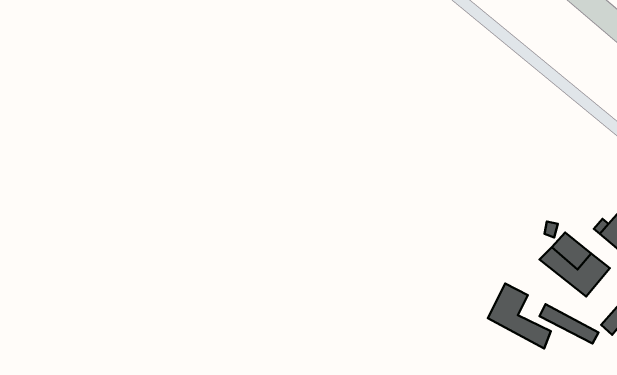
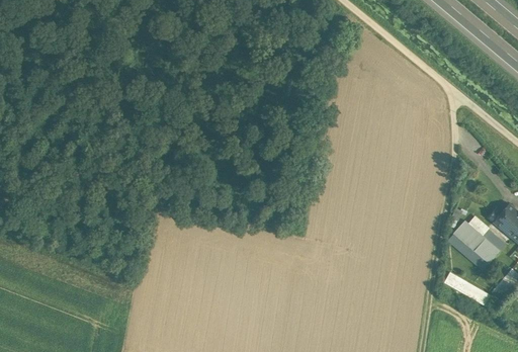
building: [488,283,551,348] -> none

